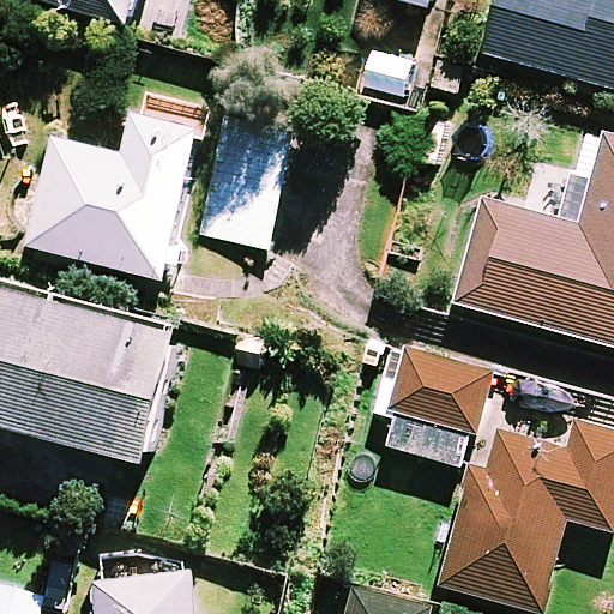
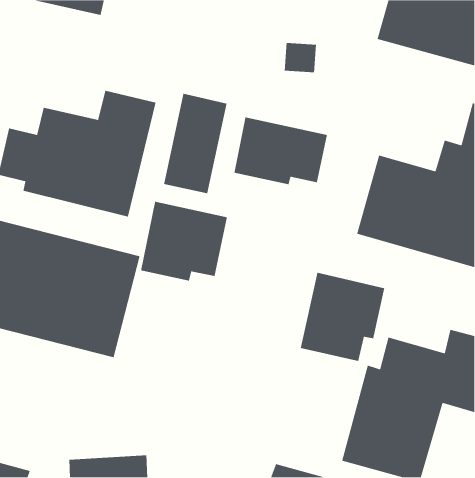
building: none -> [233,116,328,185]
building: none -> [140,201,228,281]

